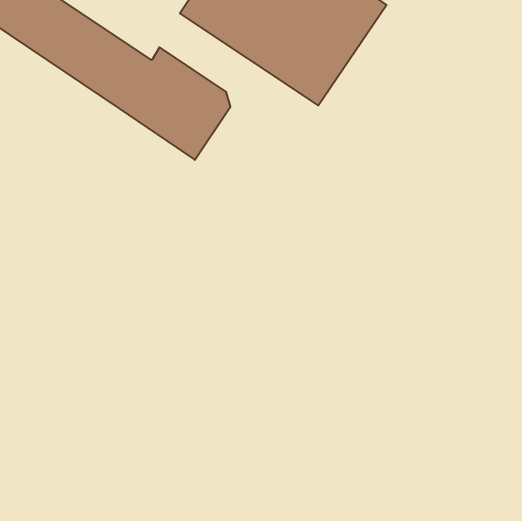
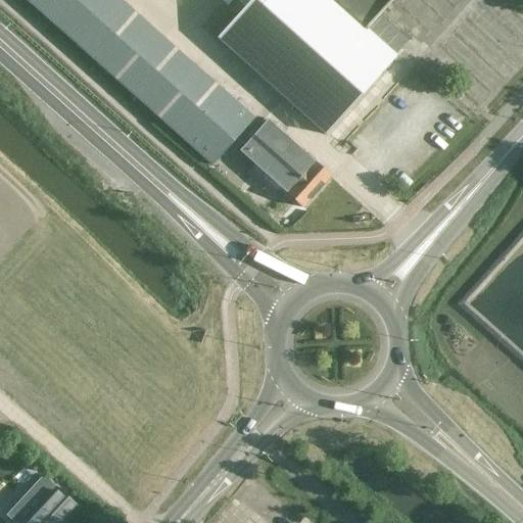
building: none -> [240,117,330,203]

